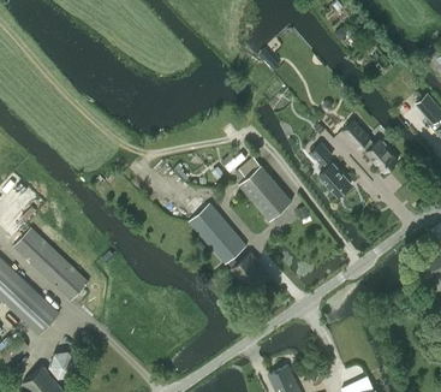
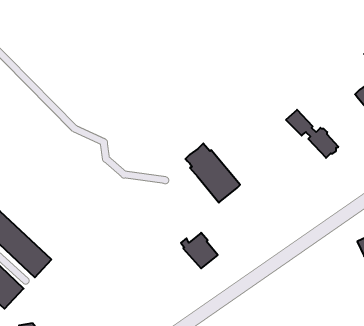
building: [310,144,351,197] -> none
building: [189,204,246,265] -> none

